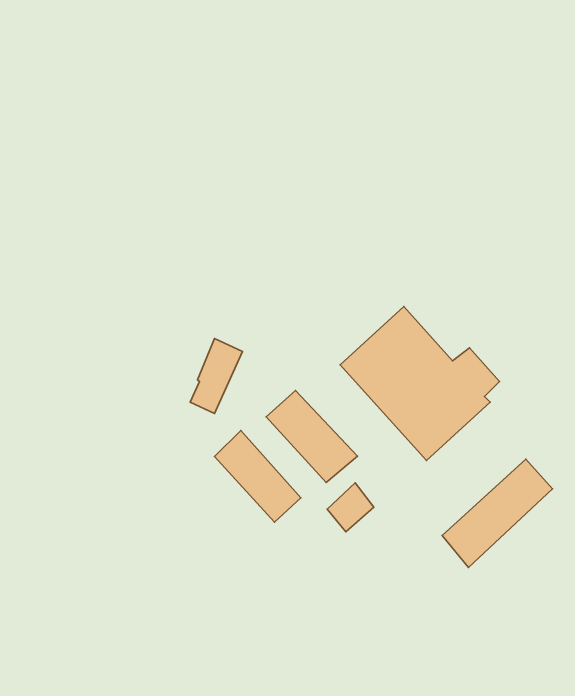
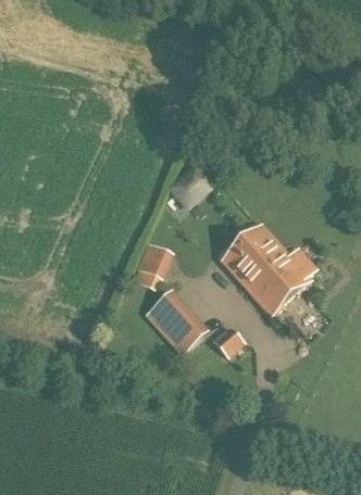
building: [266,391,357,482] -> none
building: [442,459,552,567] -> none

